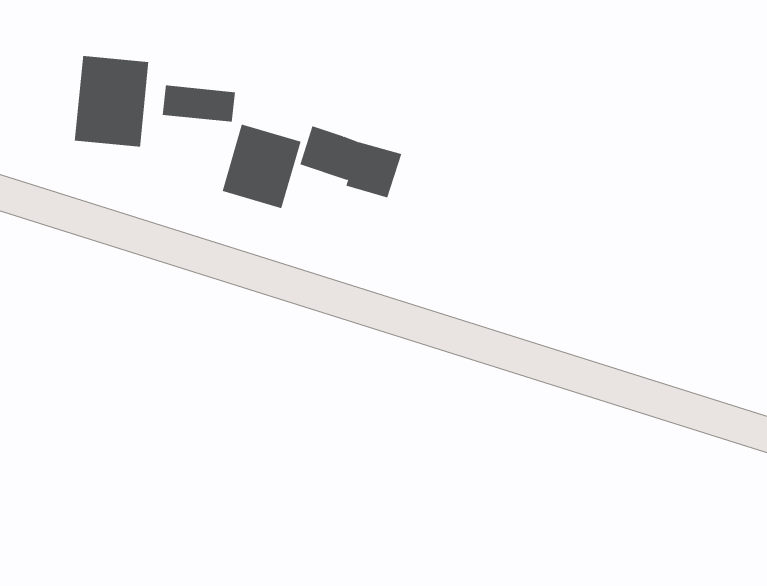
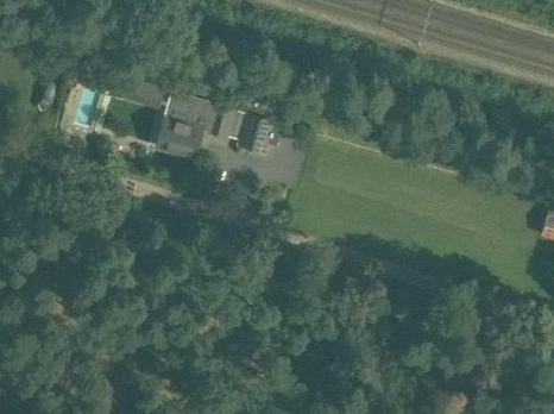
building: [74,55,149,148] -> none

